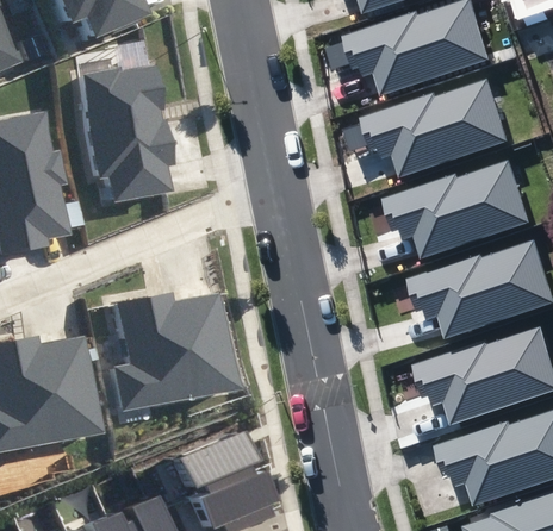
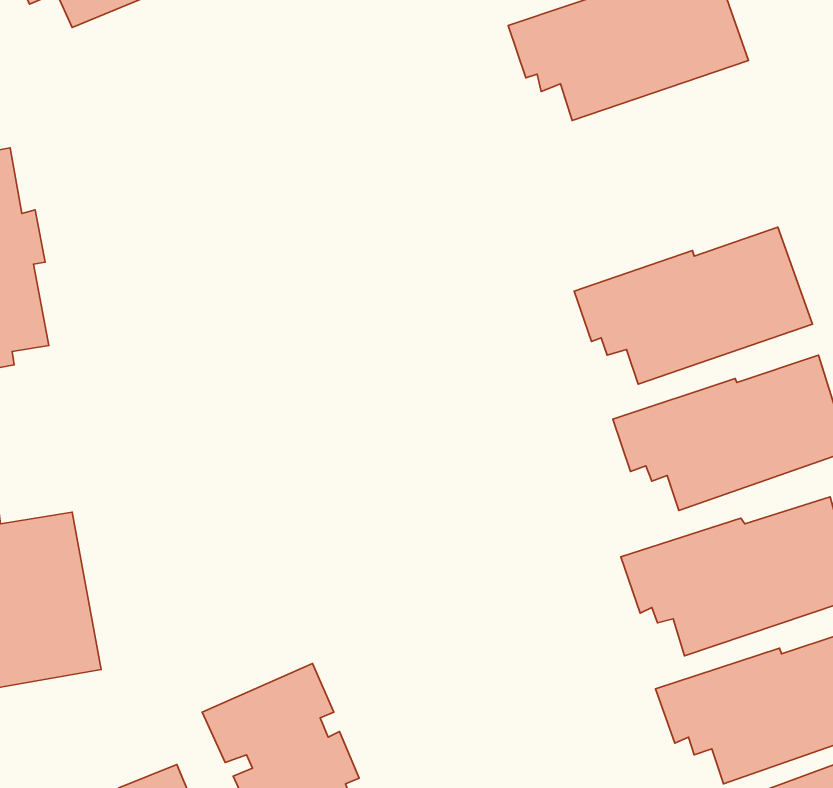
building: [76,64,169,202] -> none
building: [366,80,515,176] -> none
building: [107,292,230,411] -> none

